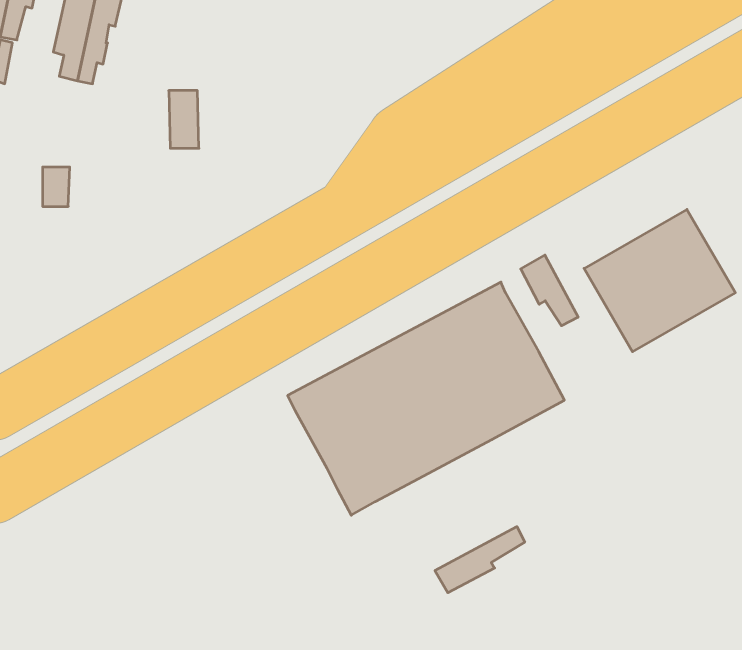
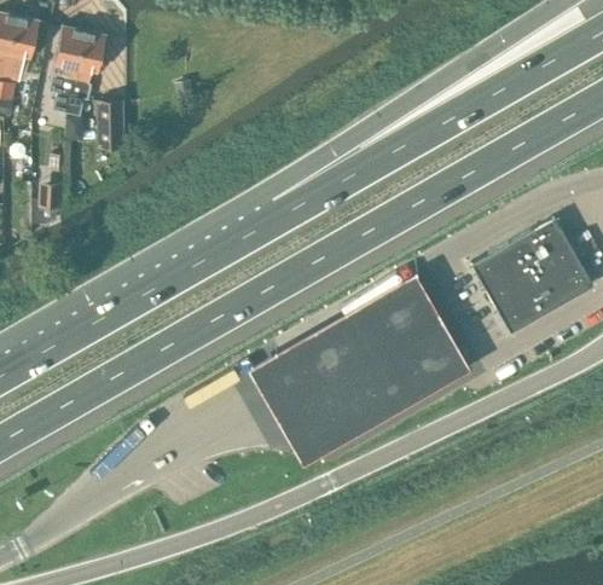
building: [169,91,199,148] -> [100,105,124,151]
building: [521,255,578,326] -> none
building: [435,527,525,593] -> none

